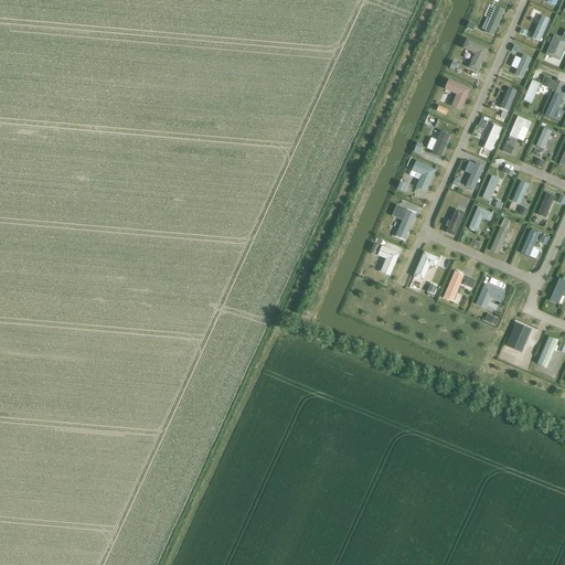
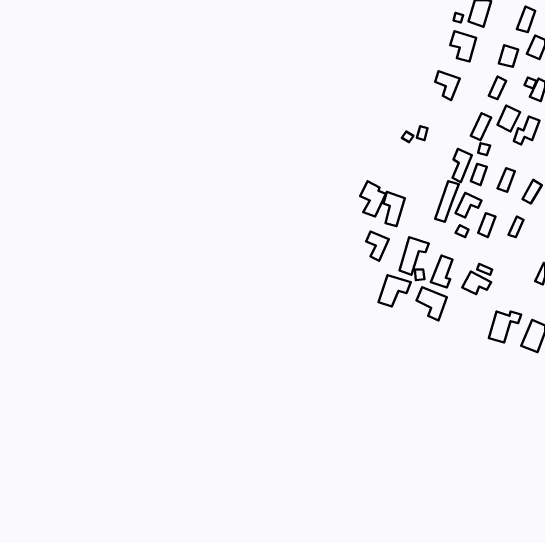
building: [408,160,435,196] -> [360,181,386,217]
building: none -> [379,275,411,307]
building: none -> [417,287,447,321]

